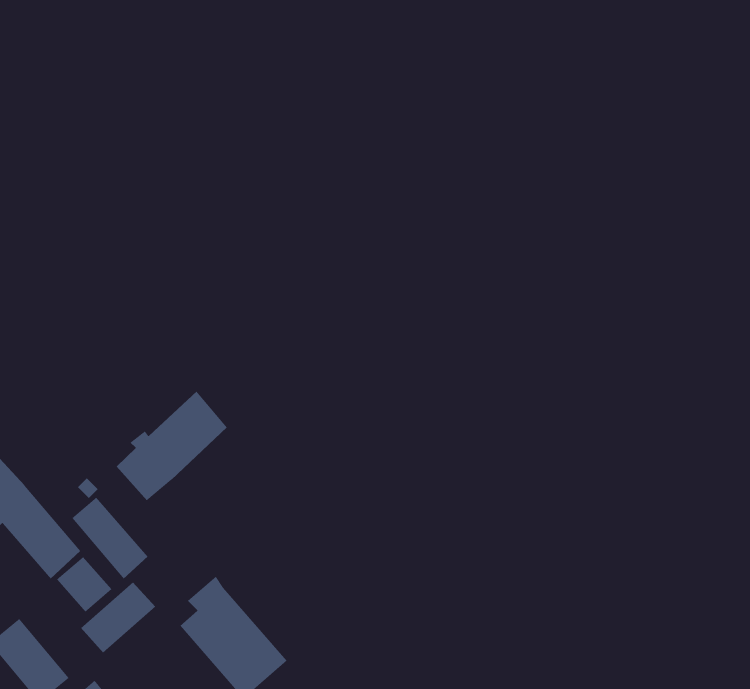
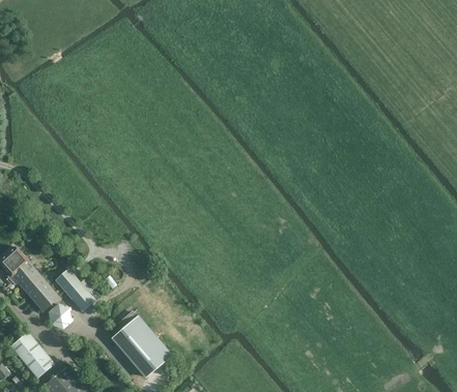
building: [116,391,228,501] -> none
building: [80,581,156,653] -> none

